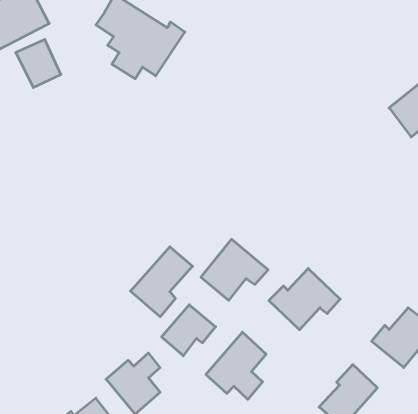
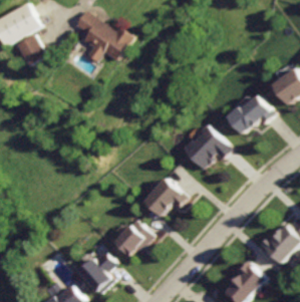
building: none -> [227,94,273,134]
building: [130,247,193,317] -> none
building: [269,268,340,330] -> [182,127,231,170]
building: [206,332,266,399] -> none

